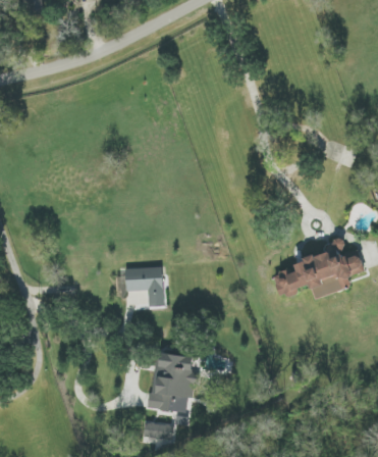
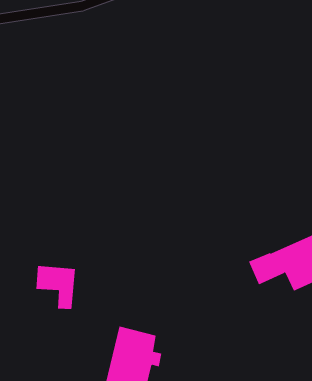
building: [125,267,163,307] -> [36,266,76,309]

